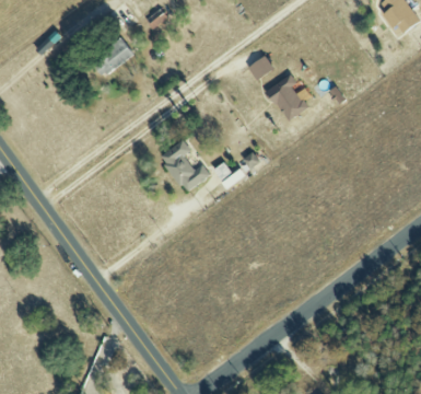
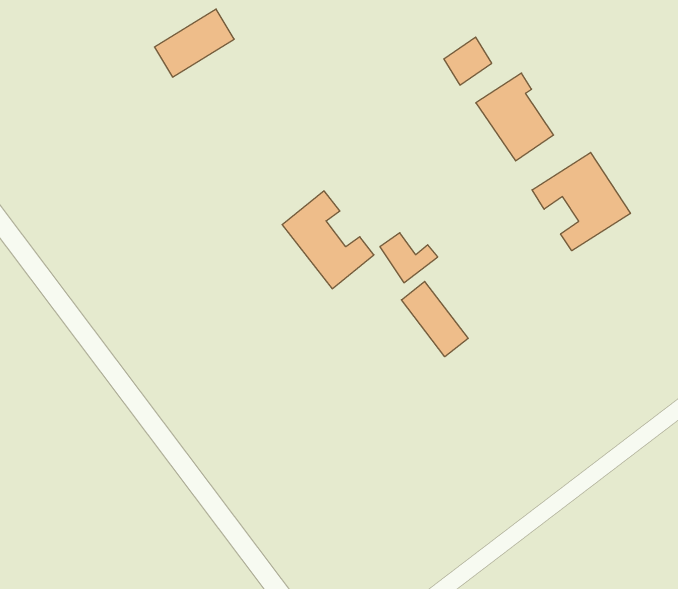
building: none -> [532,152,630,251]
building: none -> [401,281,468,357]

